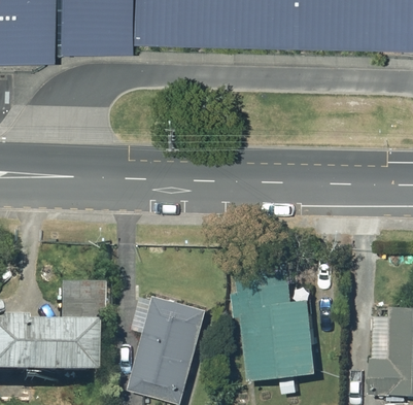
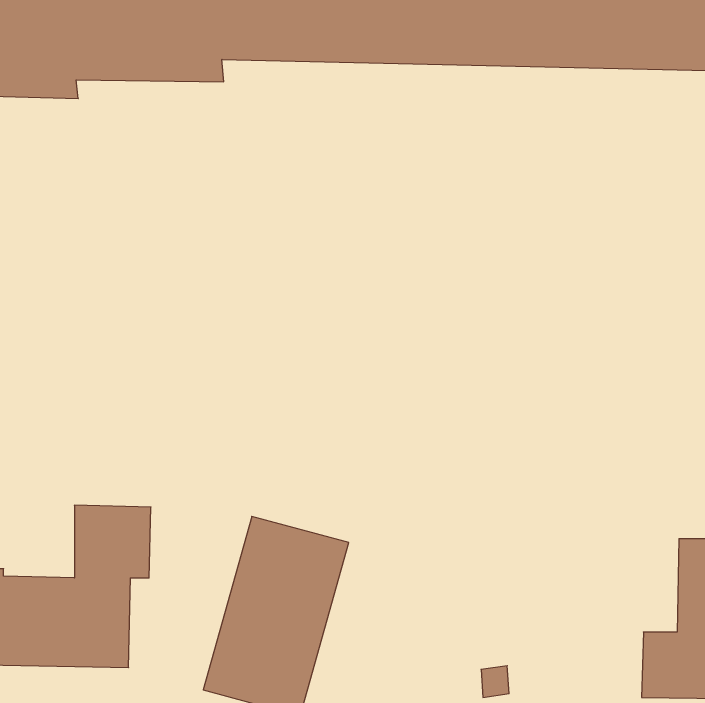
building: [231,263,314,380] -> none

